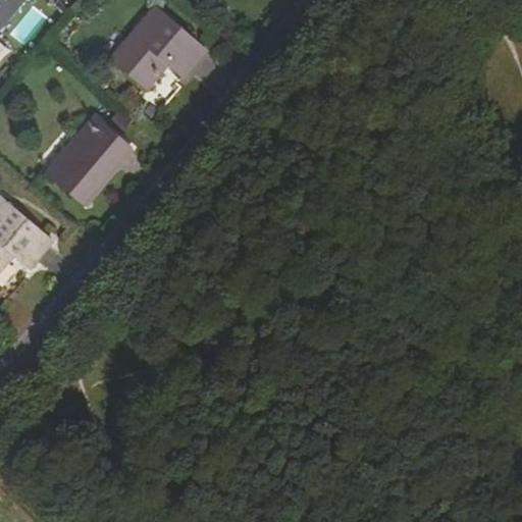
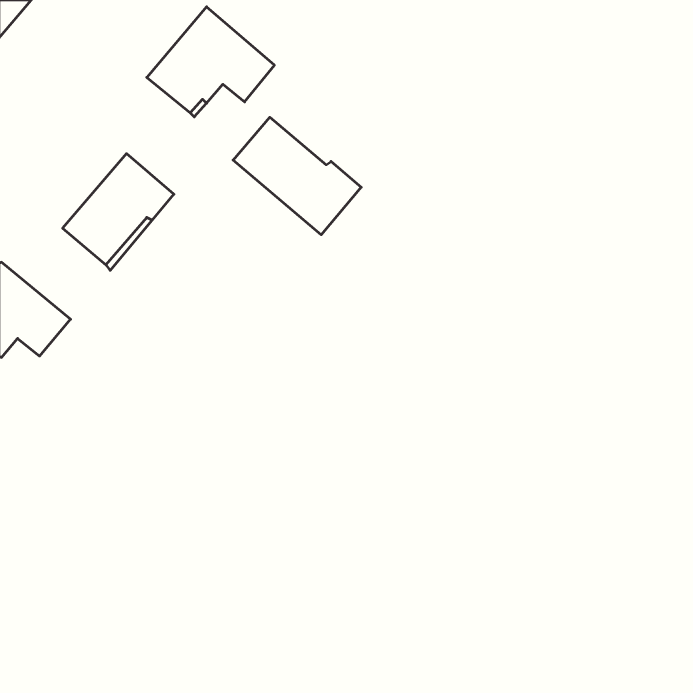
building: none -> [233,117,361,235]

